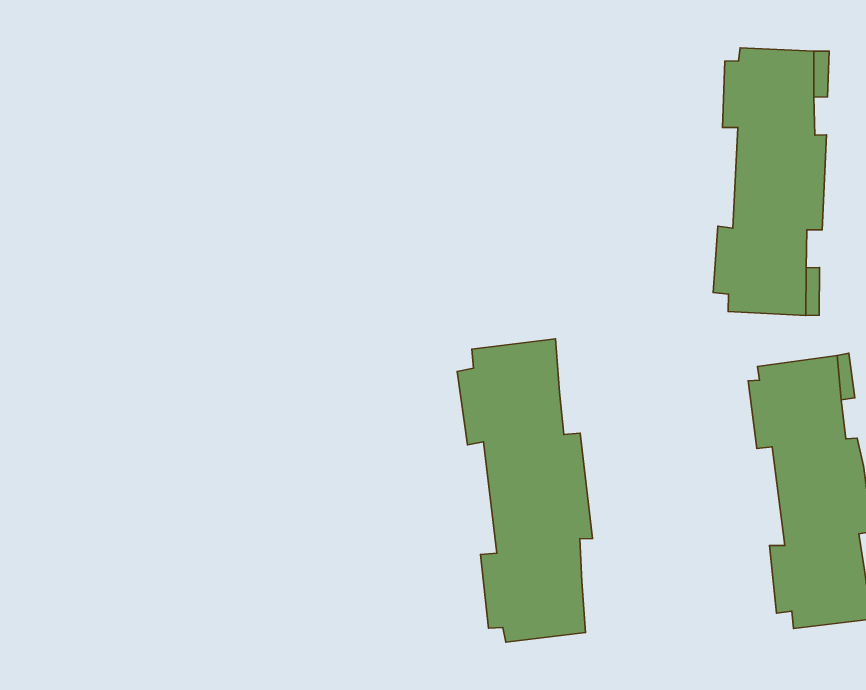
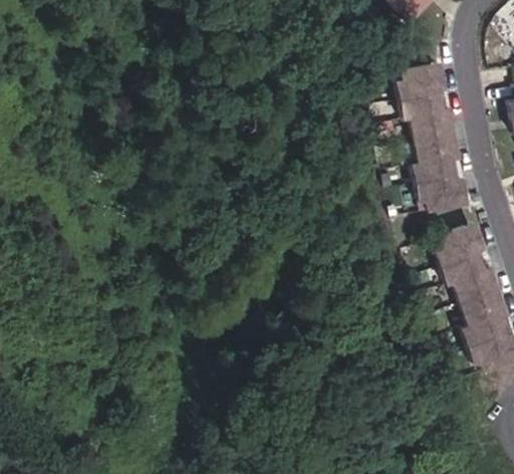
building: [457,339,592,642] -> none

